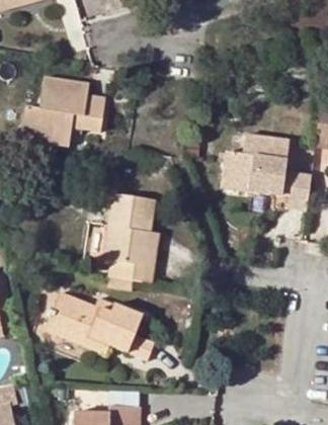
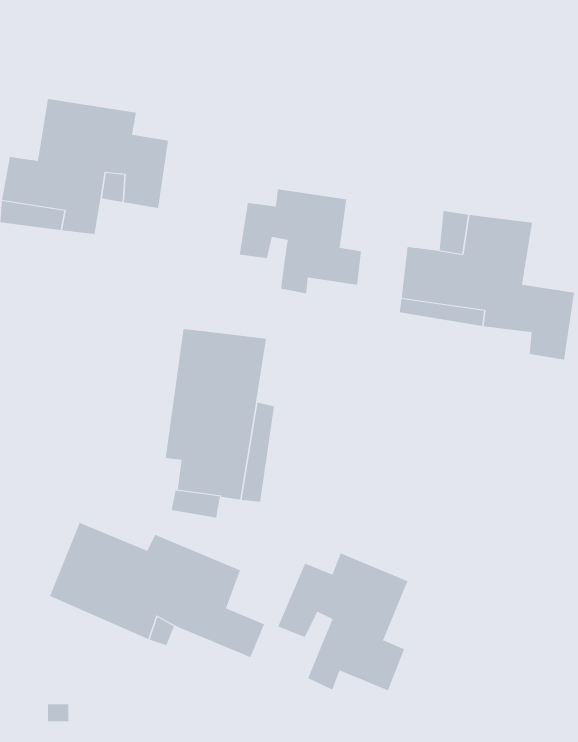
building: none -> [239,189,362,294]
building: none -> [277,553,408,691]

